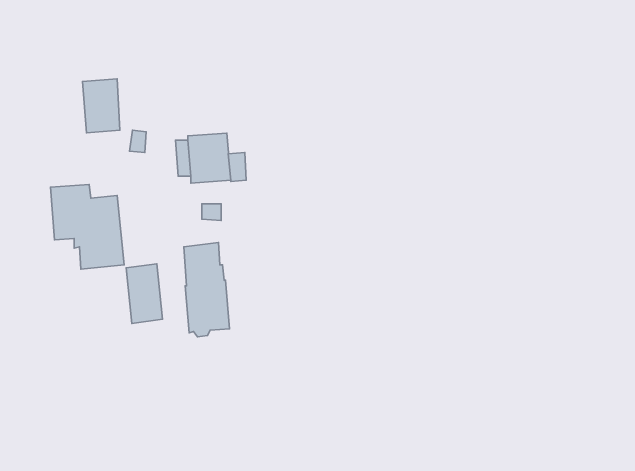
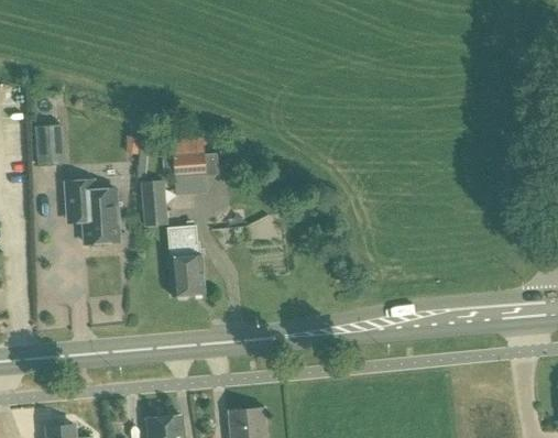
building: [82,79,120,133] -> [35,123,65,166]
building: [126,264,162,323] -> [139,179,167,227]

